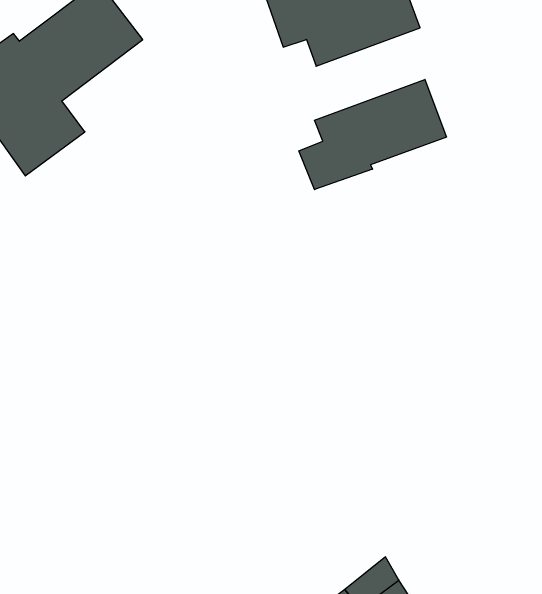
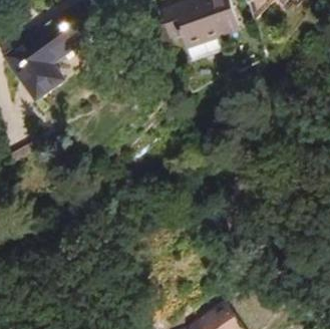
building: [299,79,446,190] -> none

